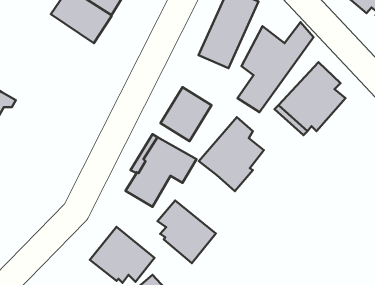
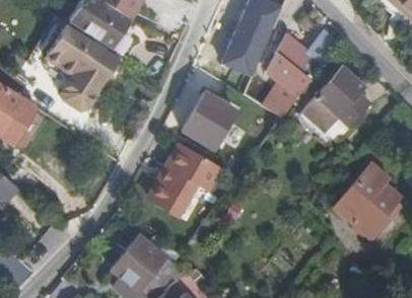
building: none -> [46,23,121,109]
building: [199,117,264,191] -> [327,170,393,245]
building: [157,200,216,263] -> none

